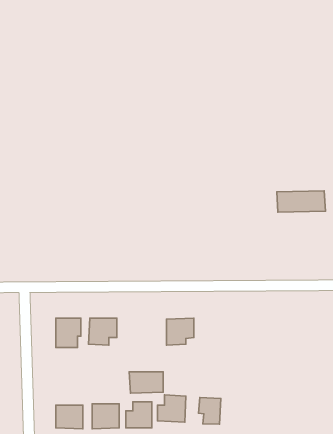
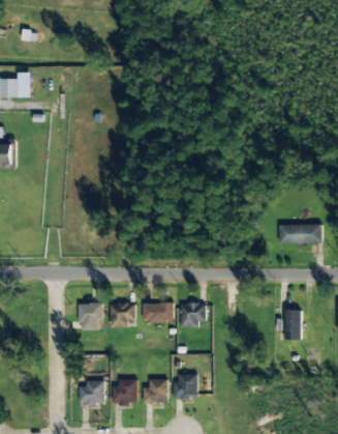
building: [277,191,325,212] -> [278,224,322,243]
building: none -> [284,310,302,340]
building: [129,372,163,393] -> [143,302,174,322]
building: [199,397,221,424] -> none

